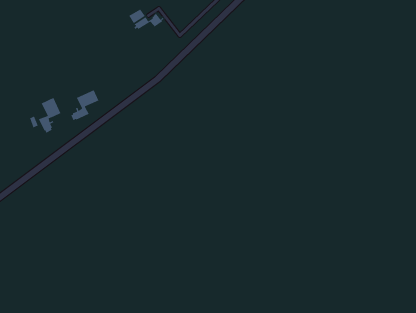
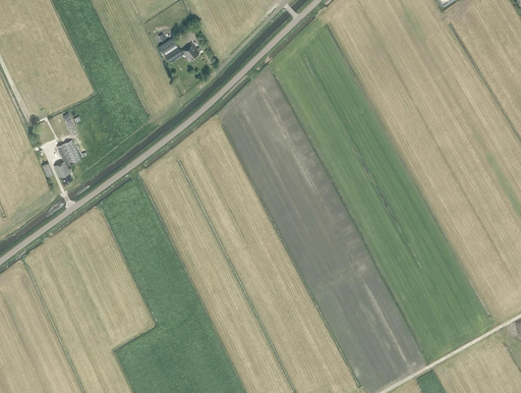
building: [70,89,100,121] -> none

